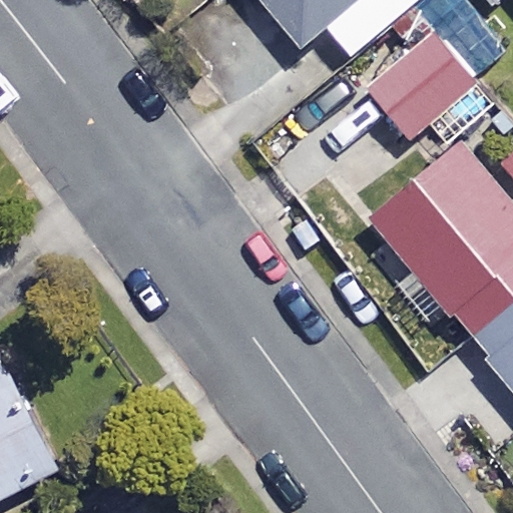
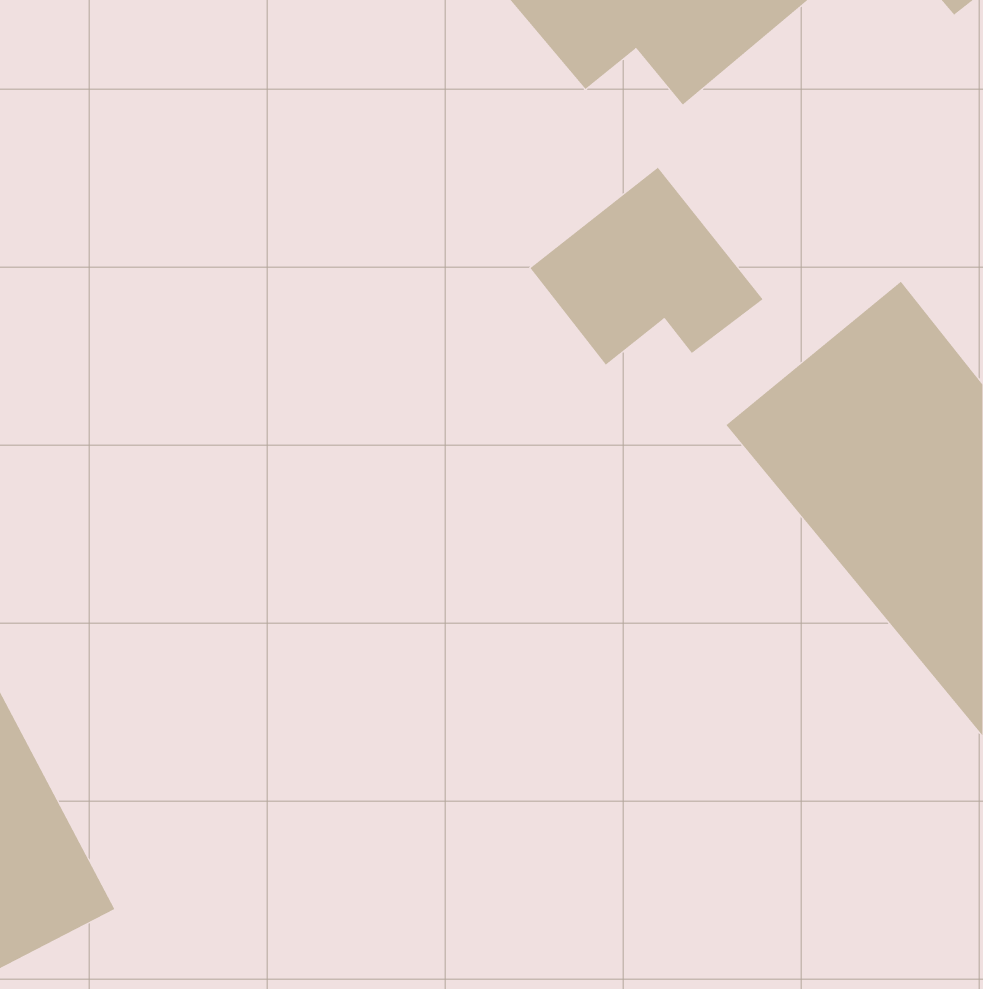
building: [370,35,490,137] -> [530,167,764,366]

